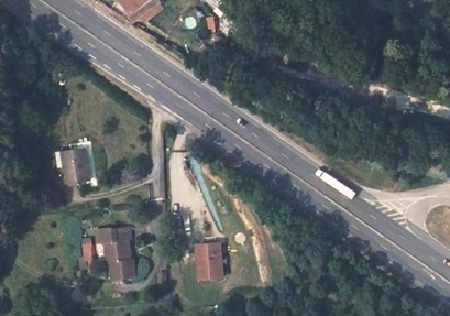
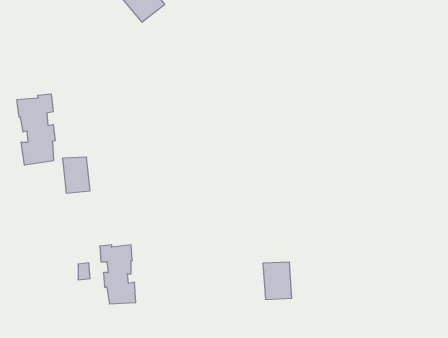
building: none -> [17,94,55,165]
building: [189,246,216,280] -> [263,262,292,299]

